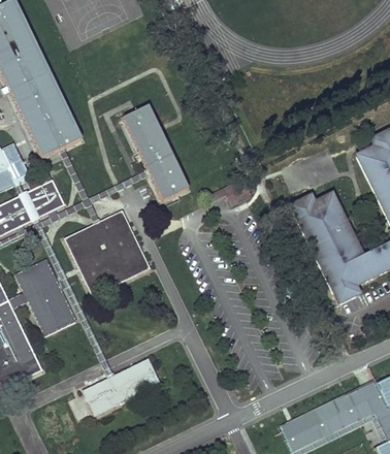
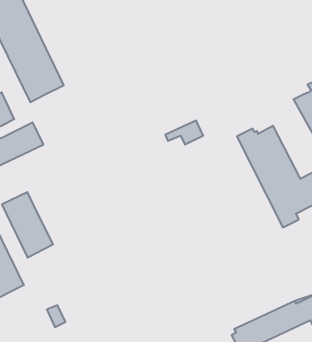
building: [120,108,186,203] -> none
building: [61,212,148,298] -> none
building: [79,360,157,417] -> none

